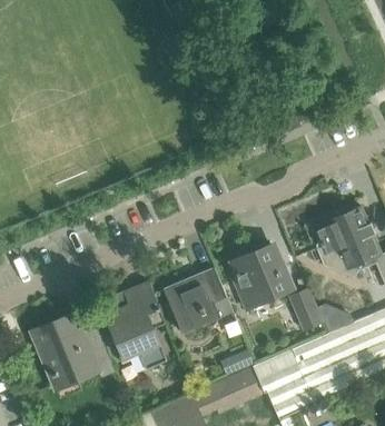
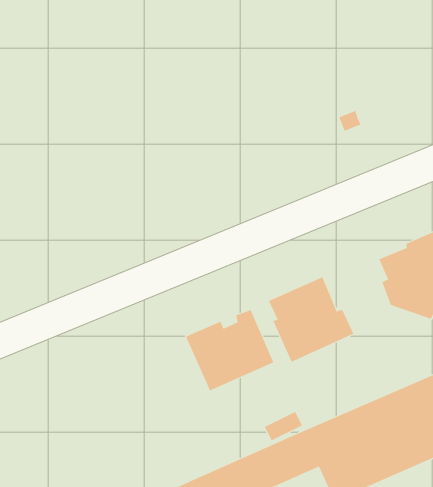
building: [103,283,167,369] -> none
building: [289,288,322,330] -> none
building: [32,318,115,388] -> none

